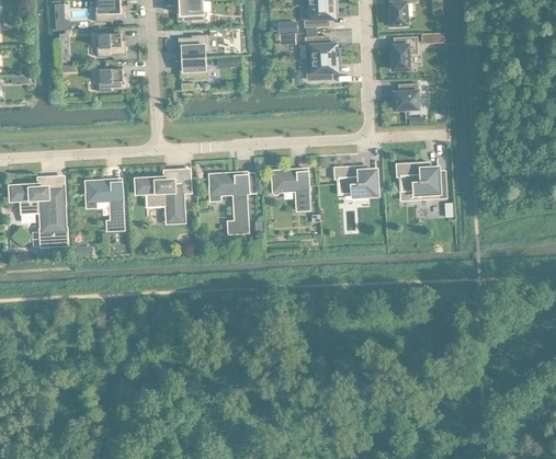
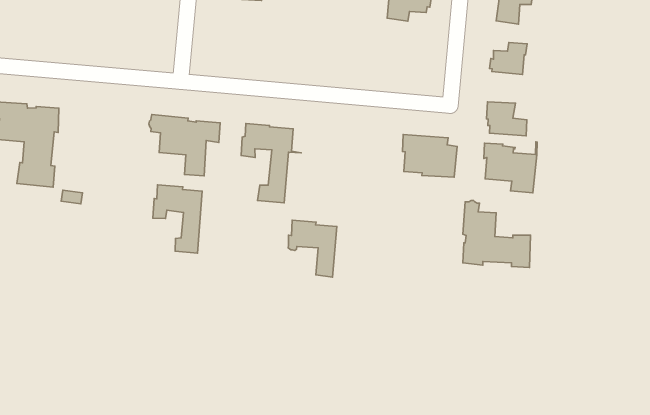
building: none -> [487,102,527,136]
building: [271,170,309,210] -> [288,220,337,277]
building: [84,181,124,231] -> [153,185,202,253]
building: none -> [463,201,531,268]

